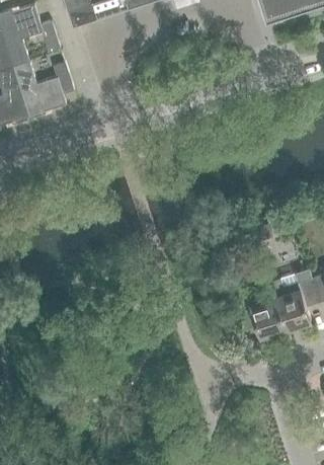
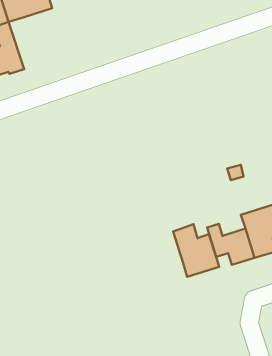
building: [12,61,74,119] -> none
building: none -> [173,224,219,277]

